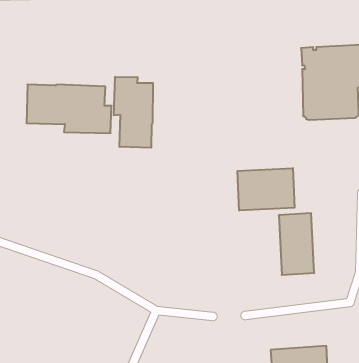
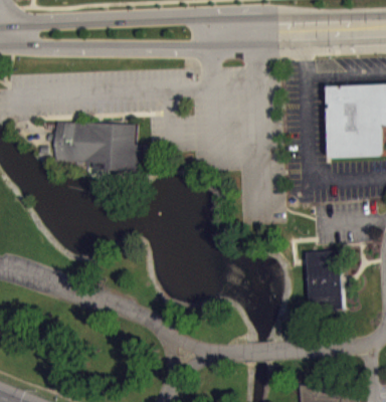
building: [114,77,153,148] -> none
building: [238,168,295,211] -> none

